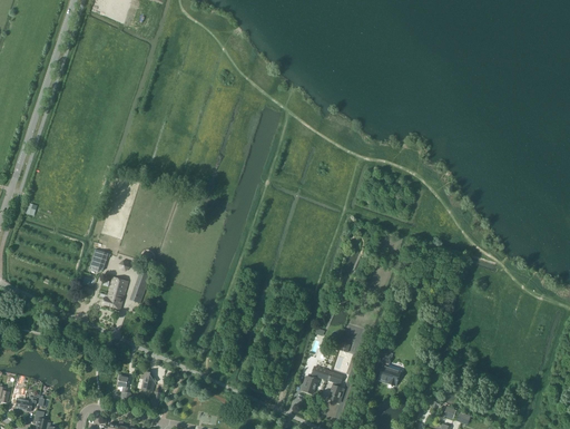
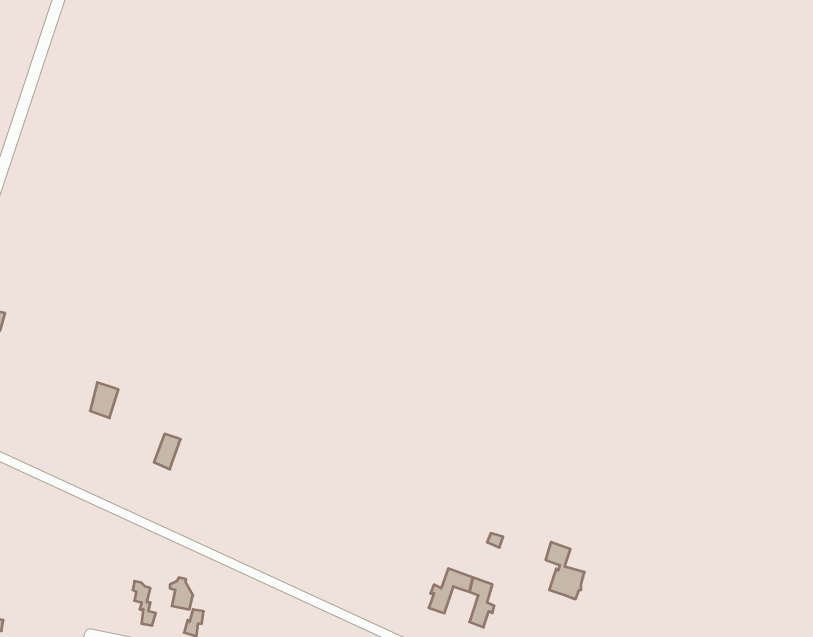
building: [102,276,128,309] -> none

